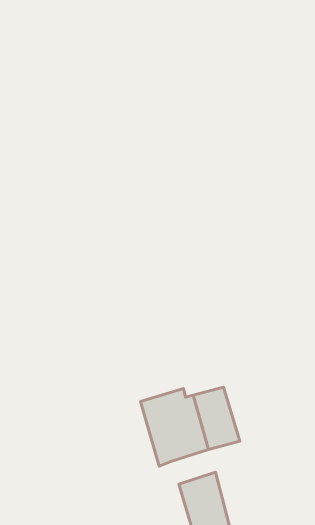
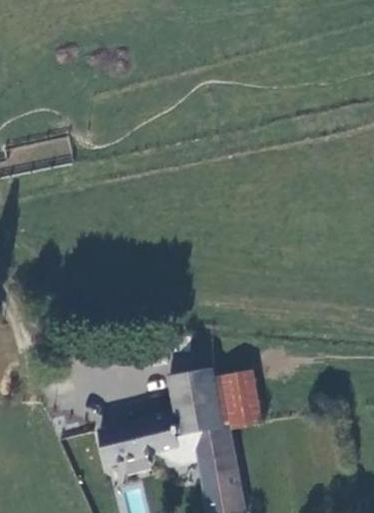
building: none -> [84,415,179,468]
building: none -> [195,427,234,455]

